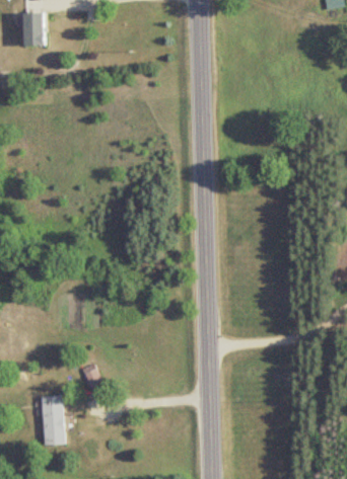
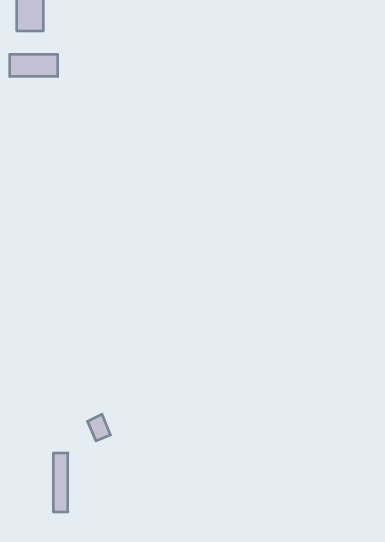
building: none -> [10,54,58,77]

